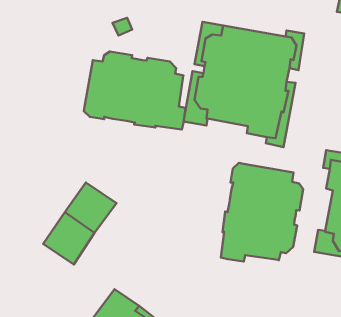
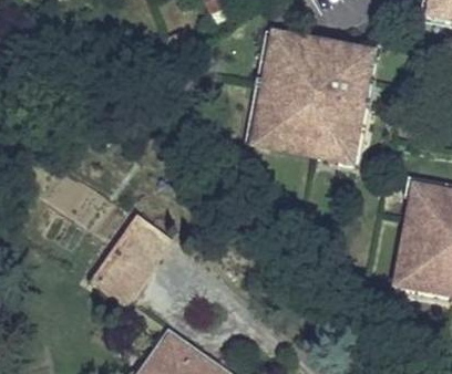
building: [84,51,186,129] -> none
building: [221,163,303,261] -> none

